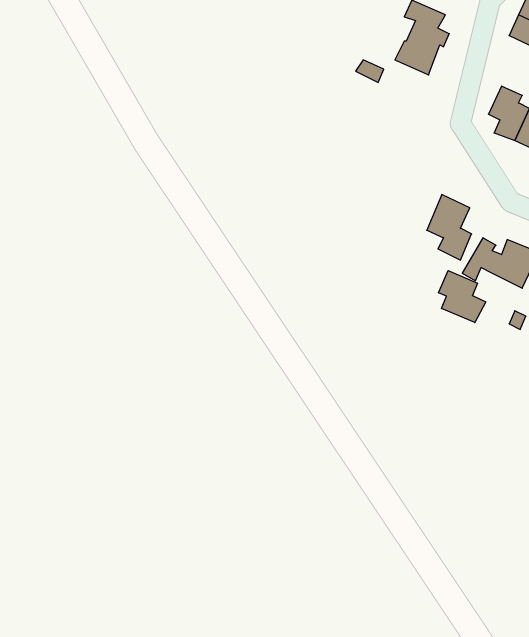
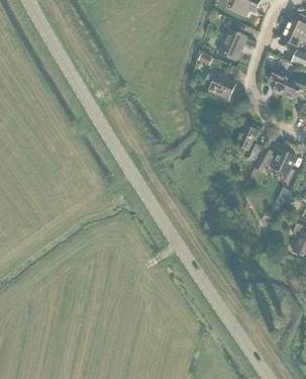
building: none -> [206,67,236,102]
building: [439,271,486,323] -> none

